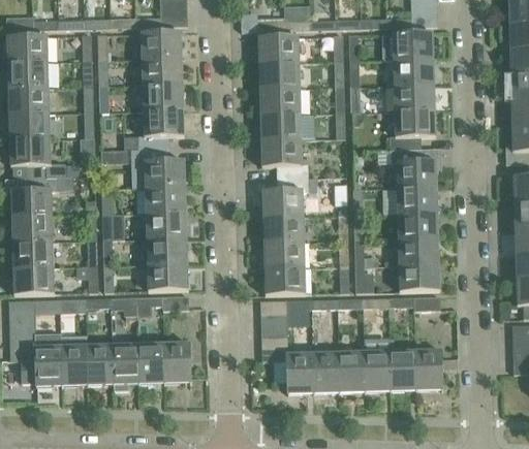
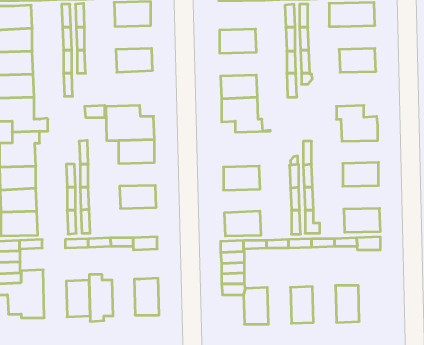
building: [258,36,300,63] -> none
building: [142,58,183,85] -> none
building: [394,58,434,85] -> none
building: [259,88,301,115] -> none
building: [138,108,184,149] -> none
building: [390,109,436,149] -> none
building: [262,177,317,217] -> none
building: [397,187,438,213] -> none
building: [146,212,187,238] -> none
building: [398,237,439,264] -> none
building: [263,242,305,268] -> none
building: [148,262,188,290] -> none
building: [61,332,88,386] -> none
building: [138,343,164,384] -> none
building: [415,349,459,390] -> none
building: [364,350,391,391] -> none
building: [313,352,340,393] -> none

